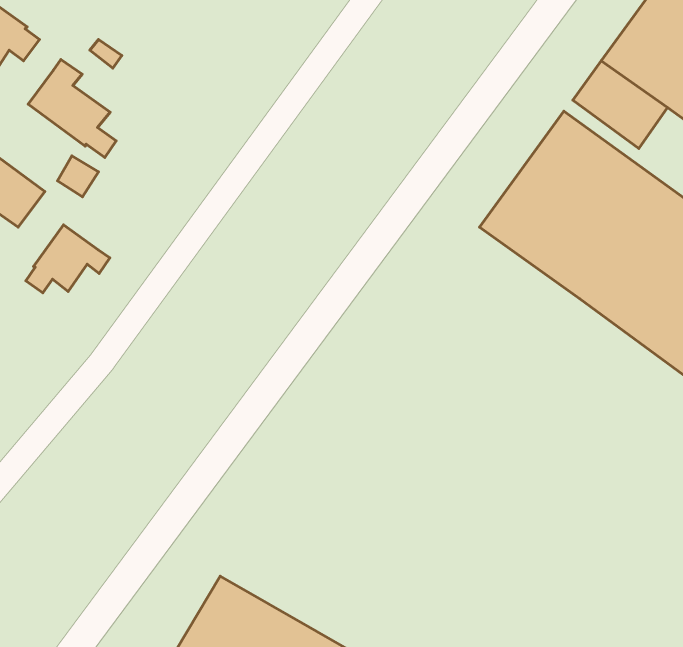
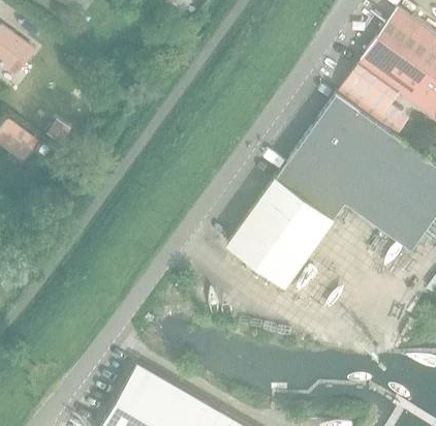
building: [28,59,116,158] -> none
building: [26,225,110,293] -> none
building: none -> [227,161,346,286]

